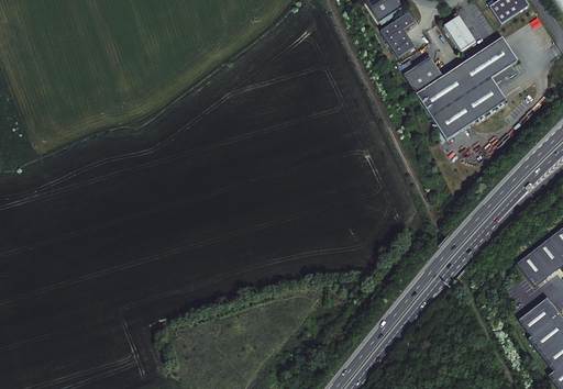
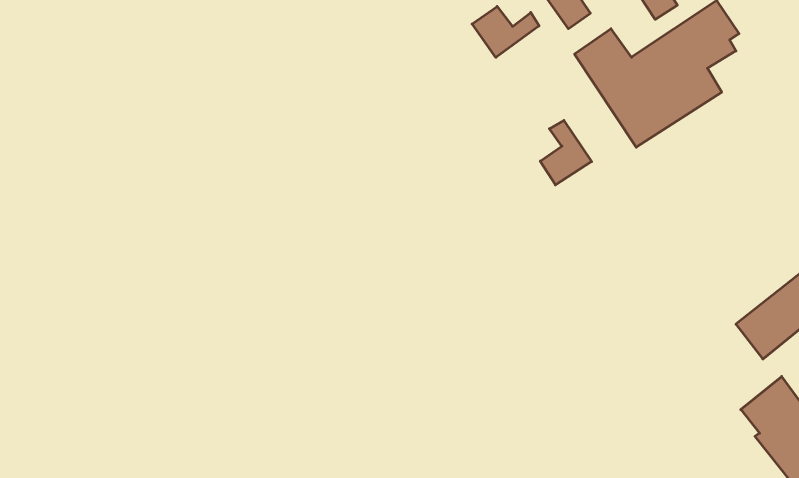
building: none -> [472,6,539,57]
building: none -> [540,120,592,185]

